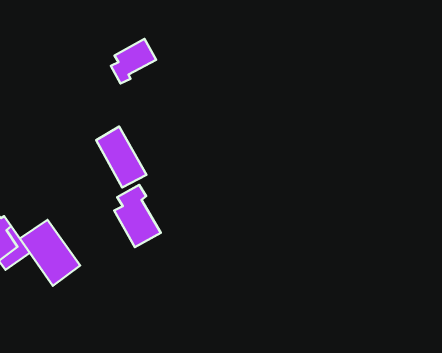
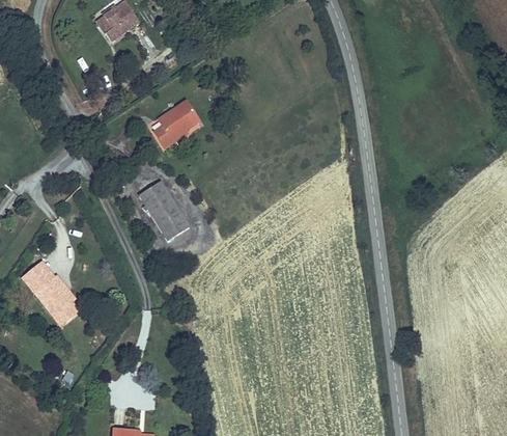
building: [114,185,161,247] -> none
building: [20,220,80,286] -> none

